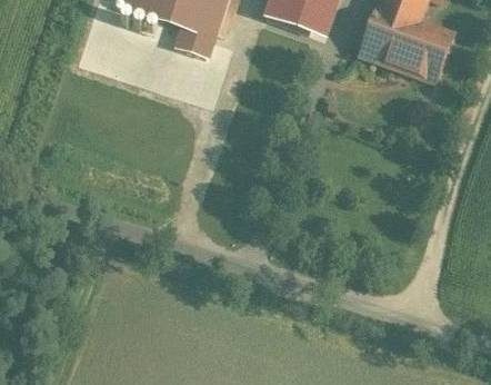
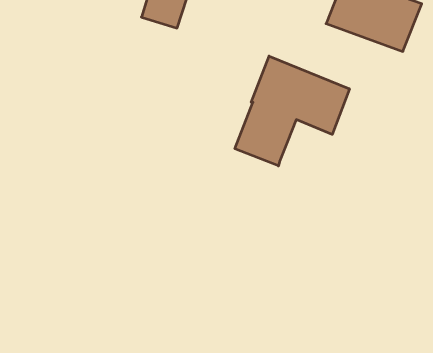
building: none -> [235,56,349,166]

